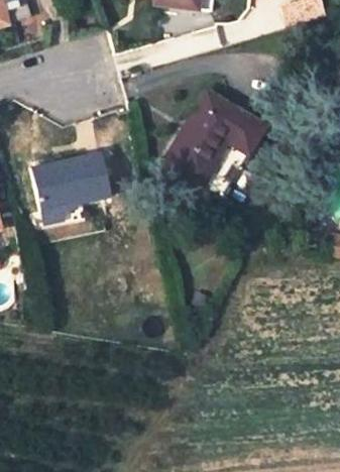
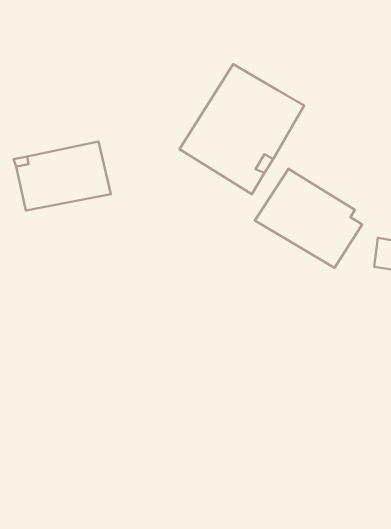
building: none -> [255,169,362,268]

